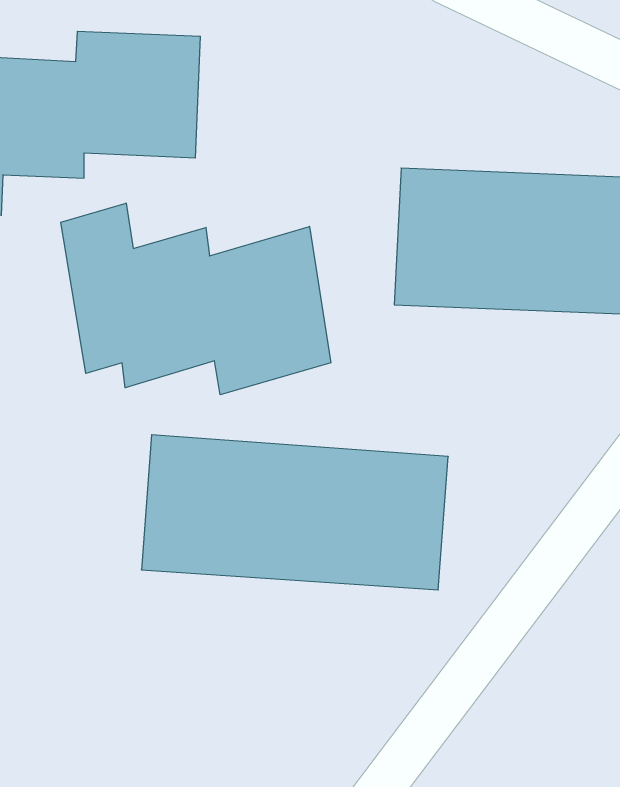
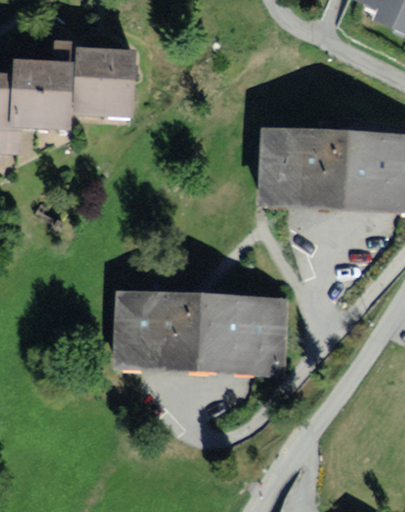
building: [61,203,331,395] -> none

